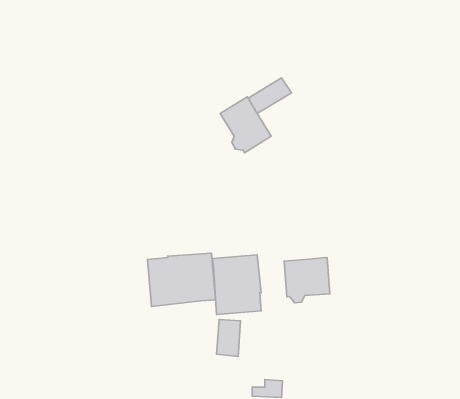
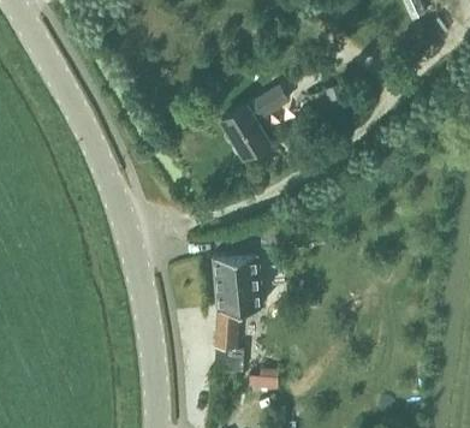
building: [147,253,216,306] -> none
building: [284,258,330,303] -> none

